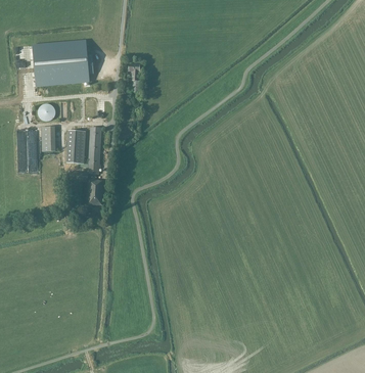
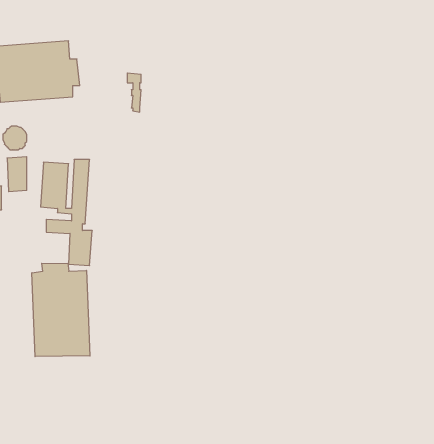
building: none -> [32,263,90,357]

